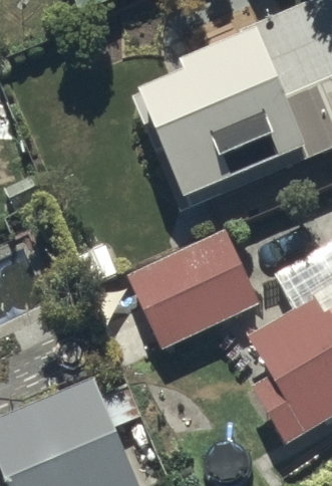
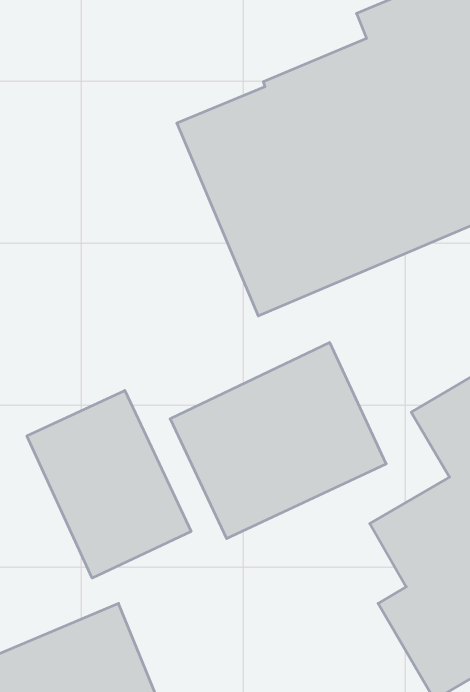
building: none -> [27,390,191,578]

